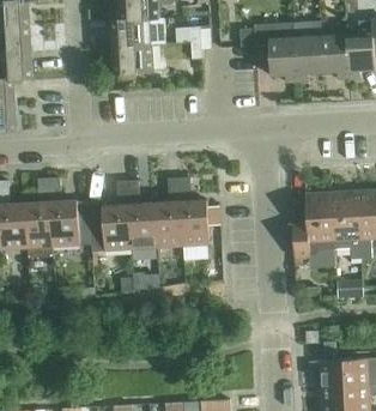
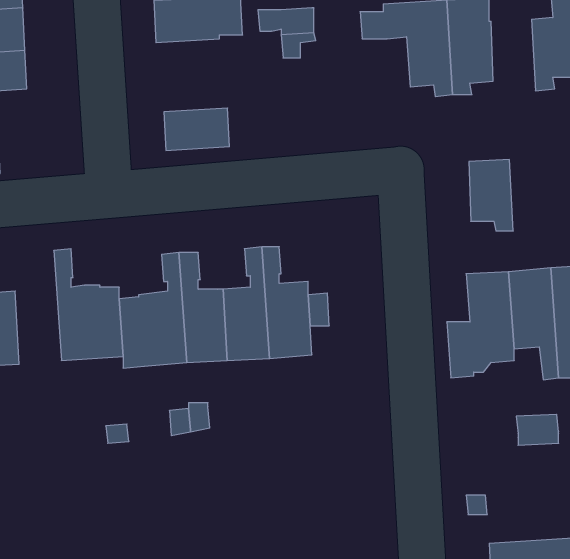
building: [320,35,347,79] -> [469,160,513,231]
building: [111,47,152,73] -> [164,108,229,150]
building: [24,179,53,256] -> none

